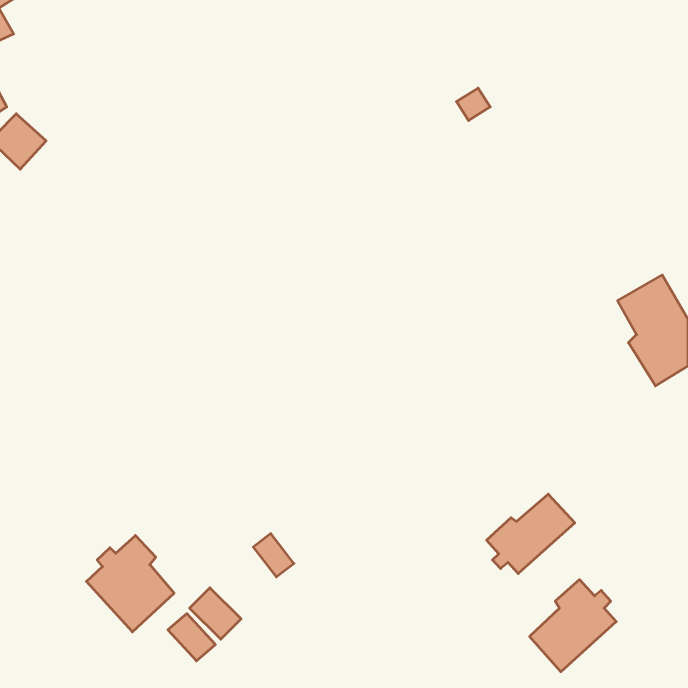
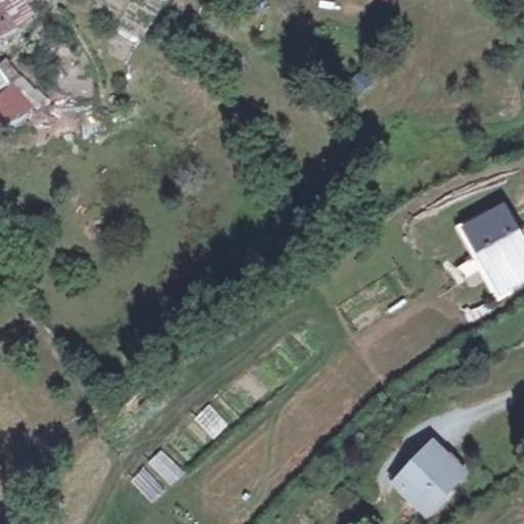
building: [487,494,575,574] -> none
building: [86,535,174,632] -> none

